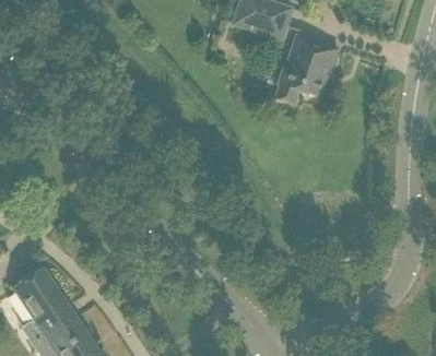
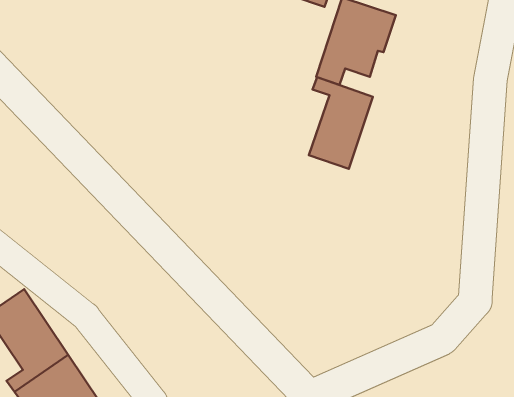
building: none -> [309,77,373,169]

